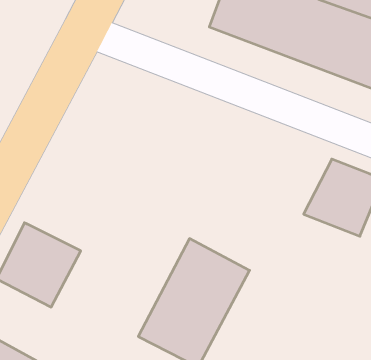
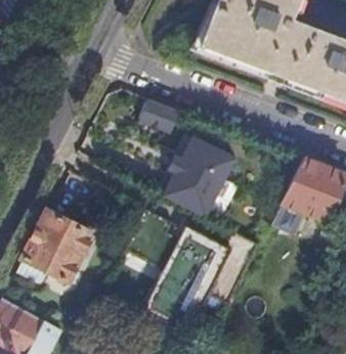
building: none -> [139,99,185,133]
building: none -> [162,132,237,216]

